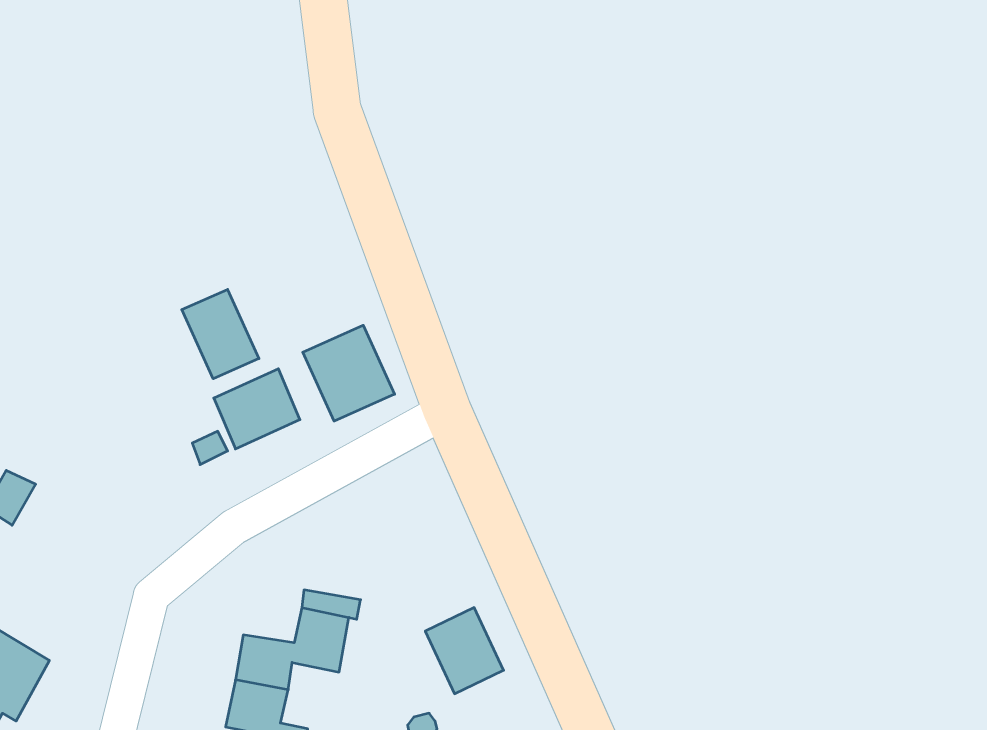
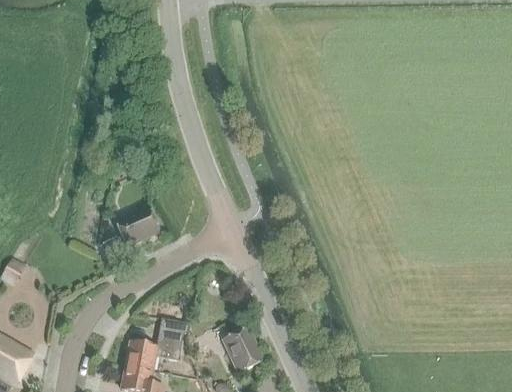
building: [182,289,259,379] -> none
building: [303,325,395,421] -> none

